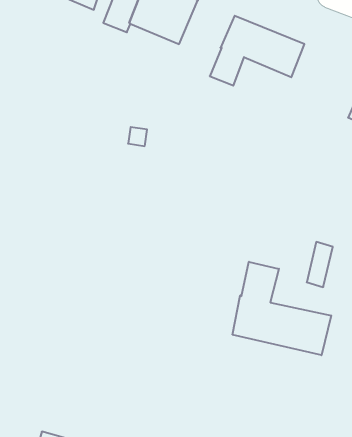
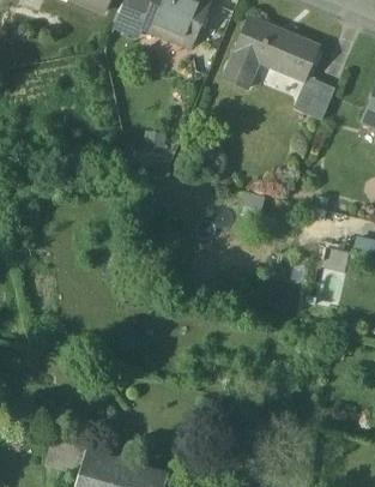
building: none -> [302,80,334,120]
building: [233,262,331,355] -> none

